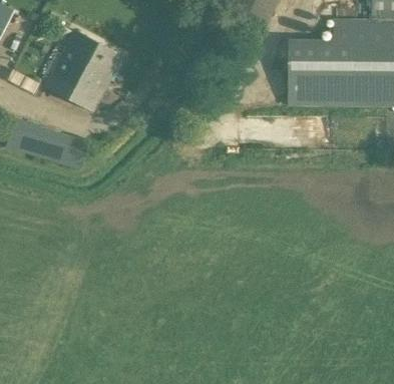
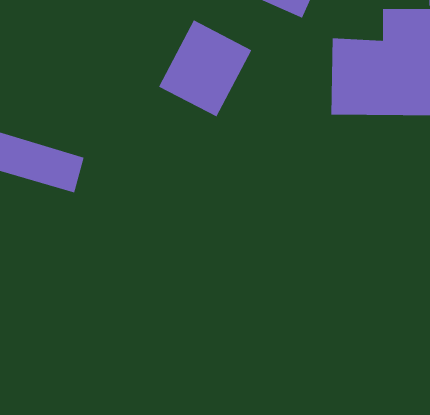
building: [45,30,122,110] -> [158,19,252,117]

